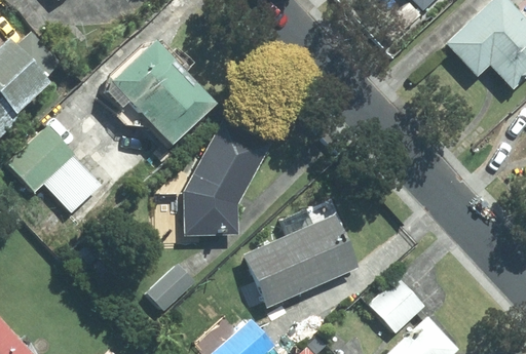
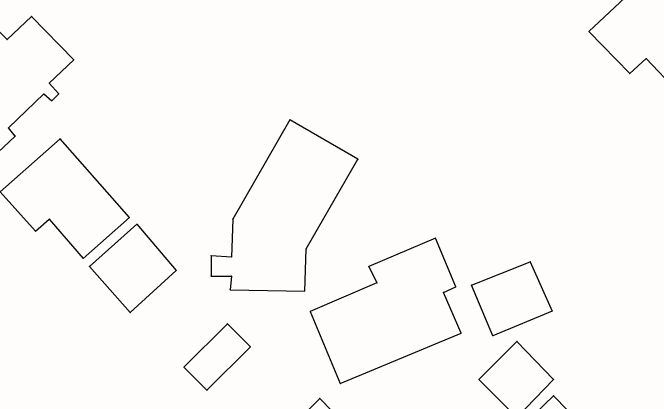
building: [98,40,213,149] -> none
building: none -> [89,224,176,313]
building: none -> [472,262,552,336]

